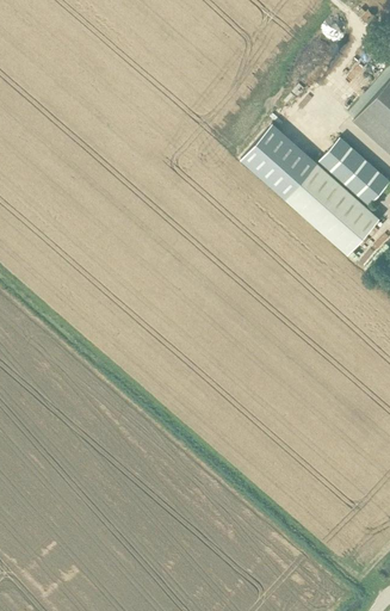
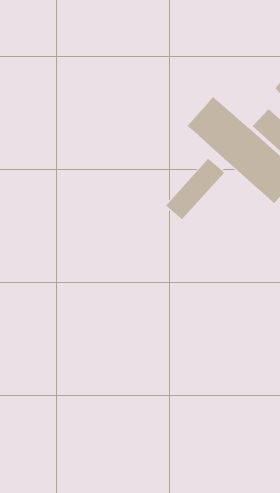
building: none -> [165,158,225,220]

